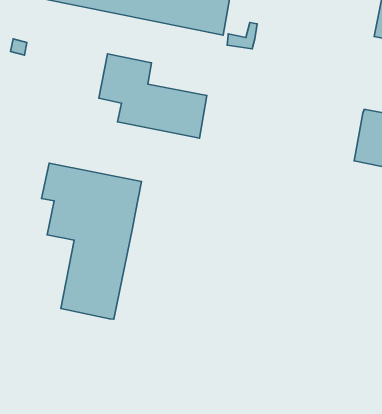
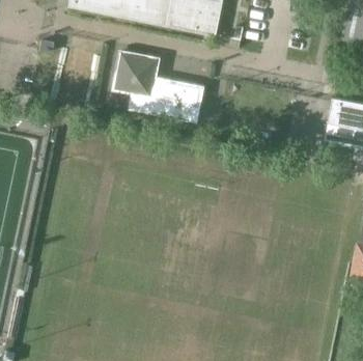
building: [41,163,142,319] -> none

